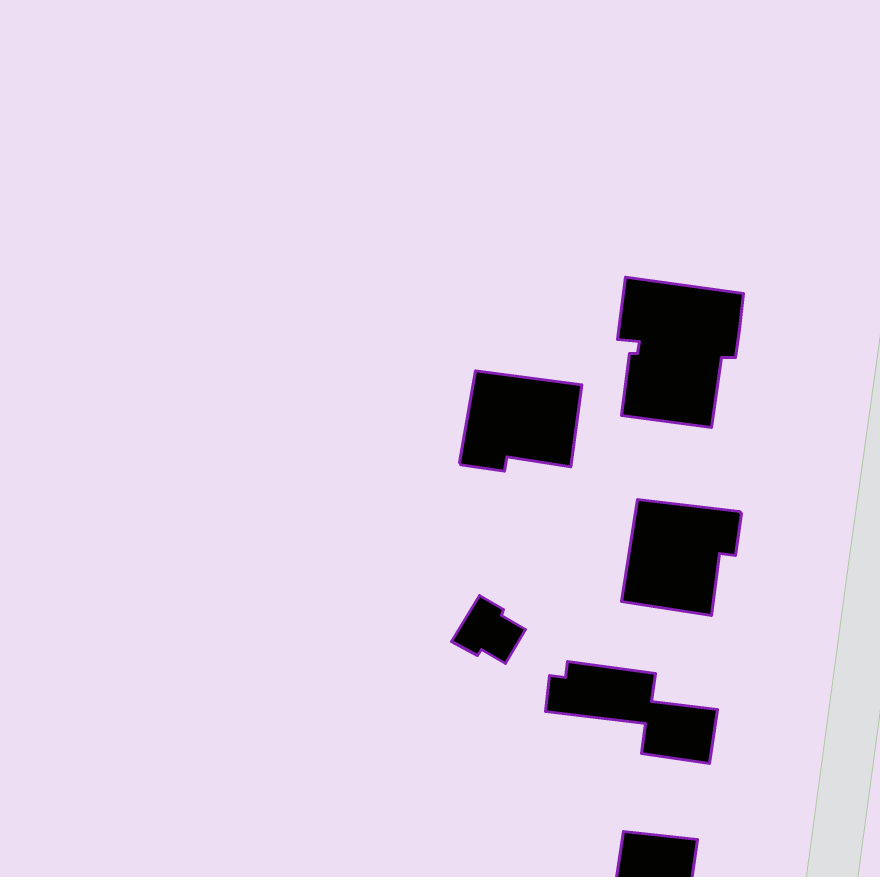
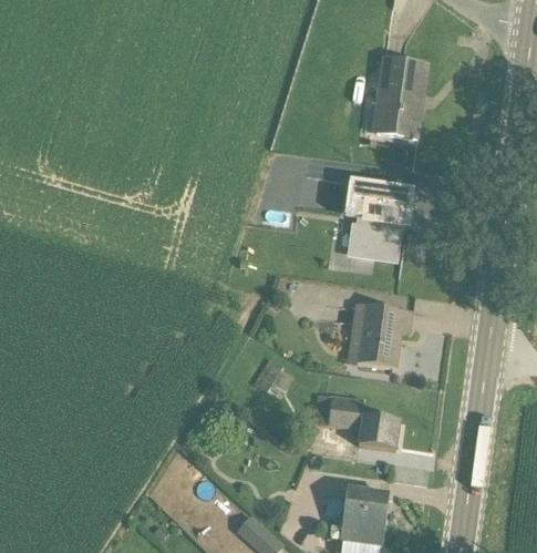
building: none -> [364,59,424,139]
building: [459,371,582,471] -> none

